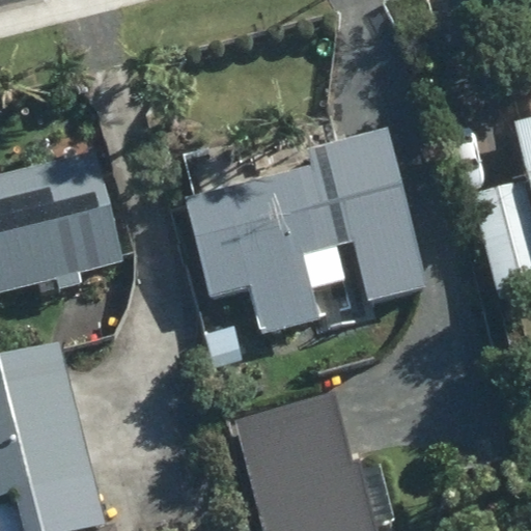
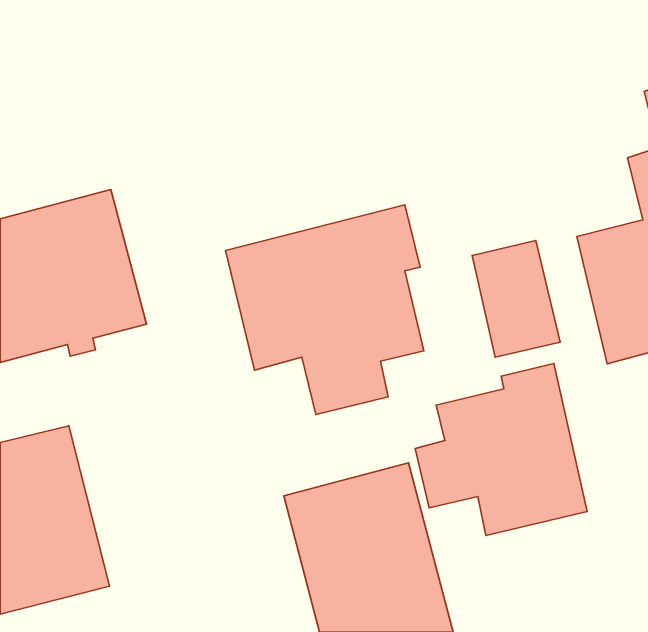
building: none -> [415,364,587,536]

